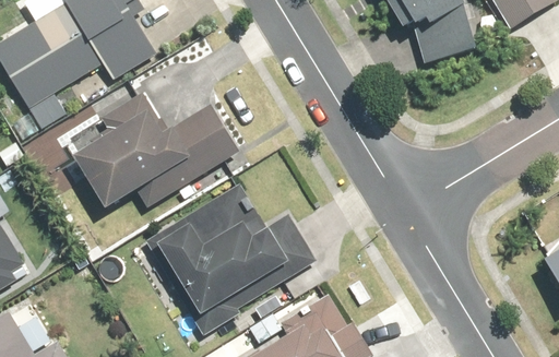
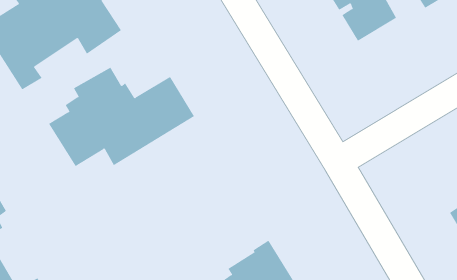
building: [144,181,317,335] -> none

